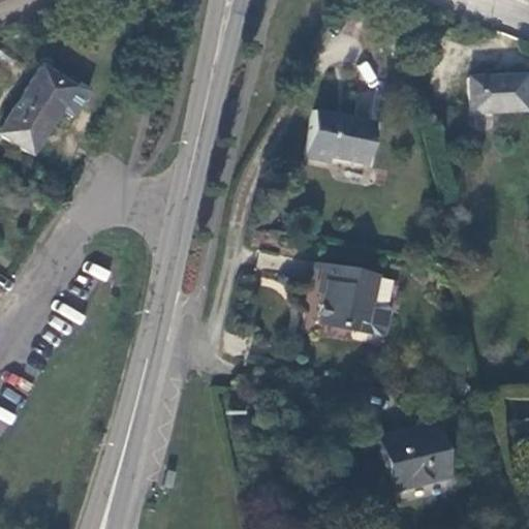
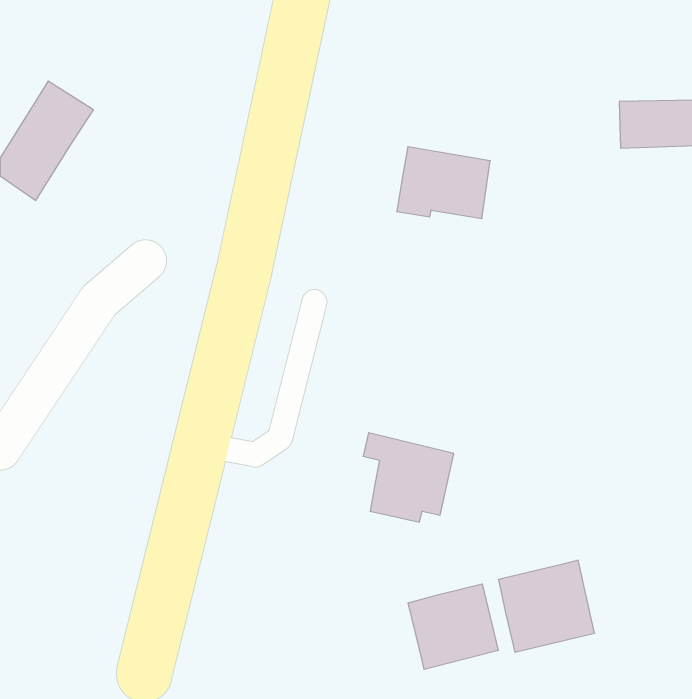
building: [318,267,386,334] -> [363,433,454,522]
building: none -> [408,584,498,669]

